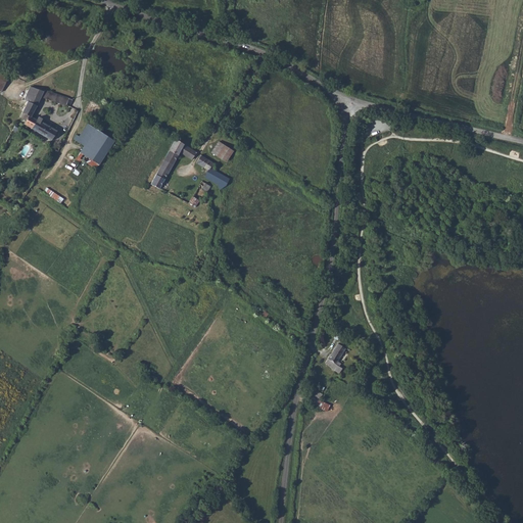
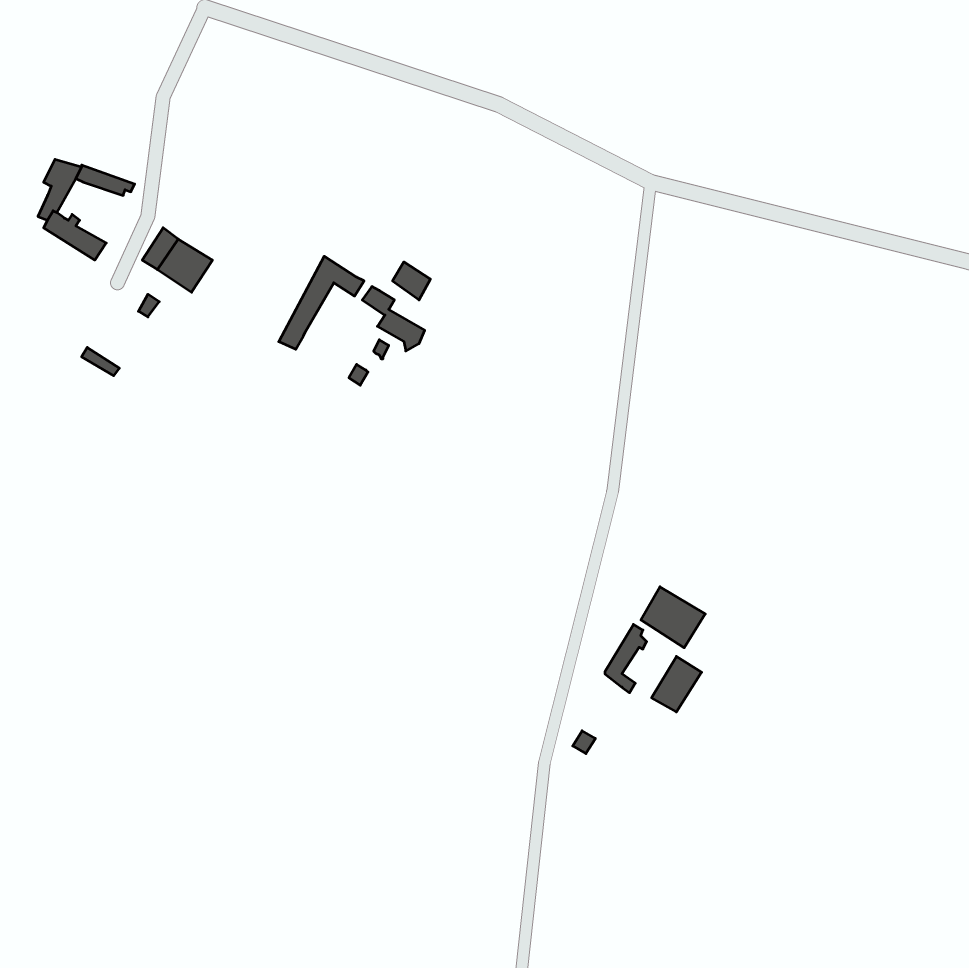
building: none -> [641,587,705,648]
building: none -> [652,656,702,712]

